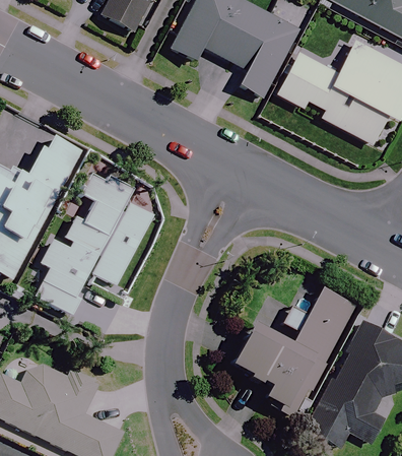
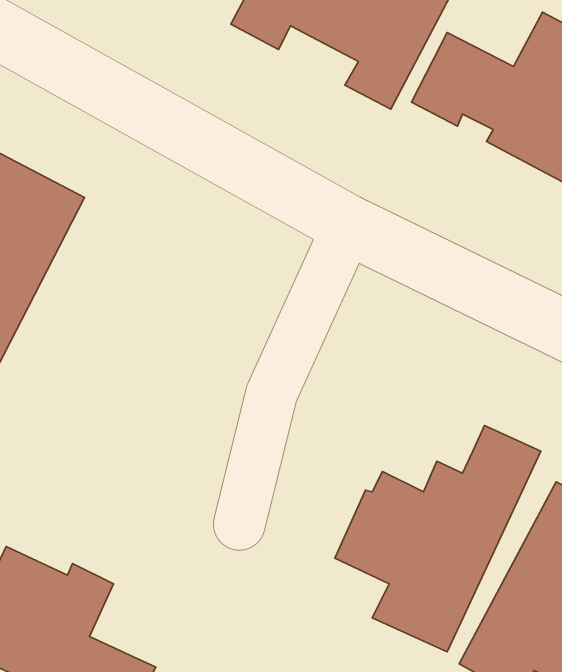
building: [37,169,154,316] -> none

